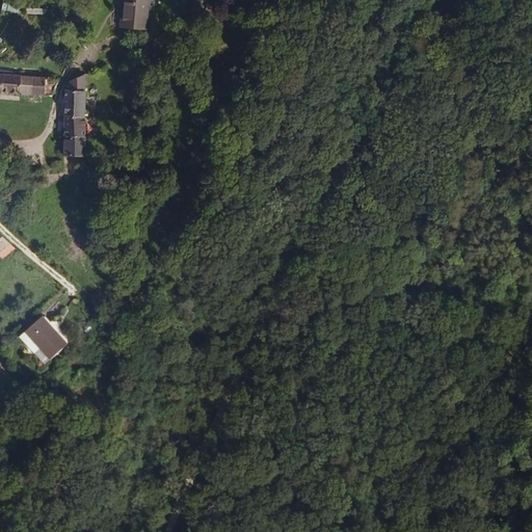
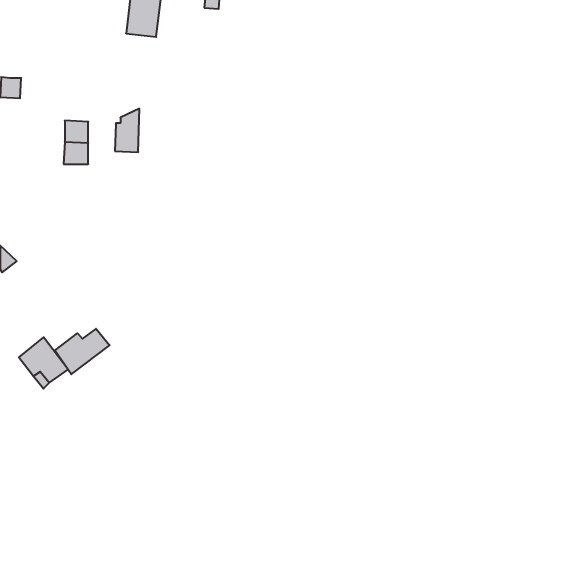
building: [22,73,45,92] -> none
building: [63,73,86,113] -> [115,109,139,152]
building: none -> [55,329,110,374]

